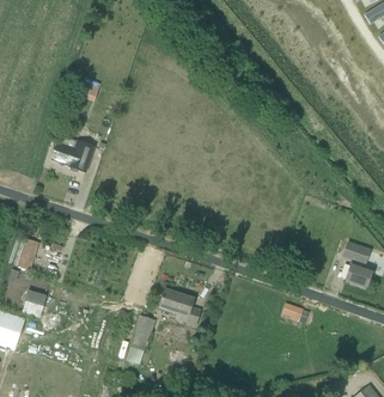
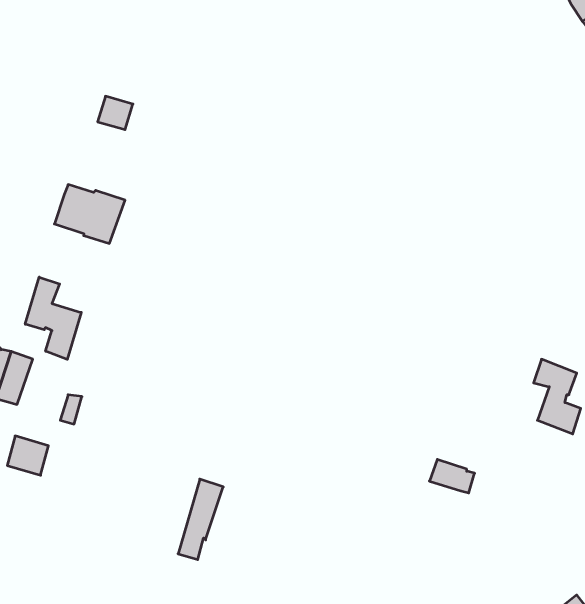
building: none -> [25,277,81,359]
building: [159,286,201,324] -> none

